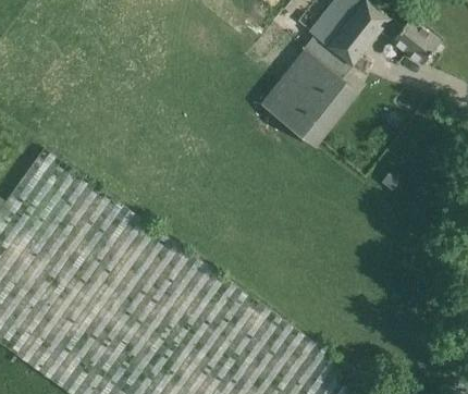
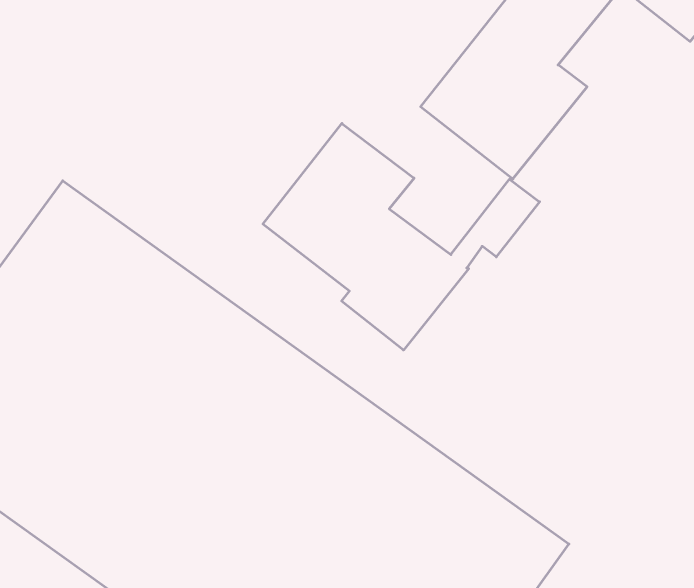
building: none -> [263,123,540,350]

